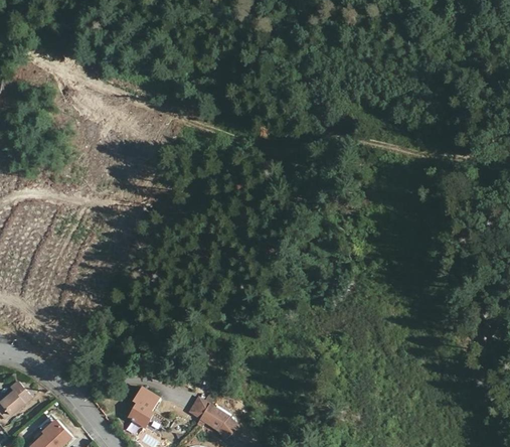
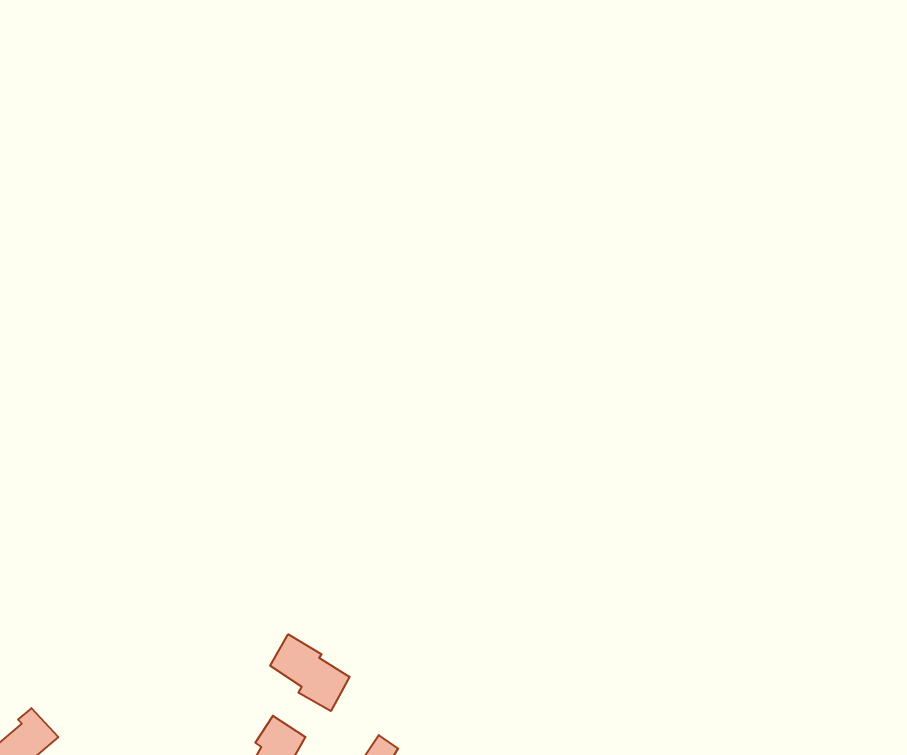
building: none -> [270,634,350,711]

